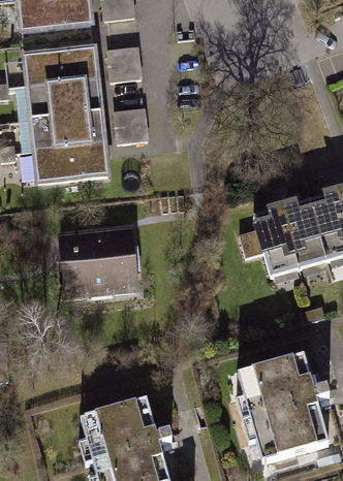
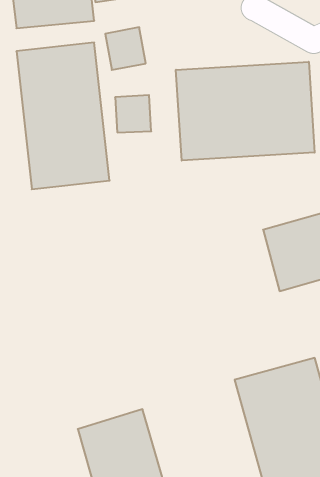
building: none -> [176,62,315,161]
building: [62,238,143,302] -> none

